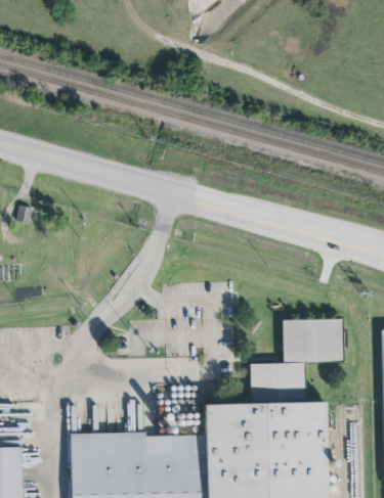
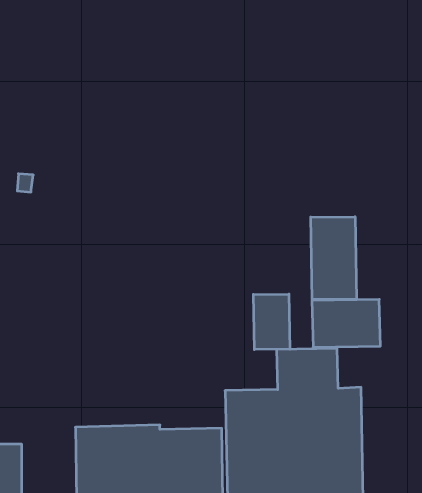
building: none -> [311,217,357,300]
building: none -> [253,294,290,350]

